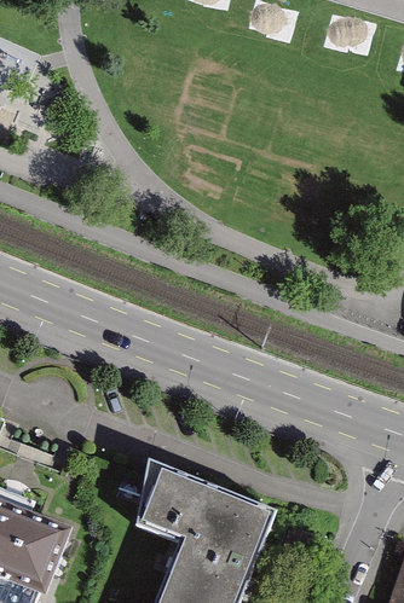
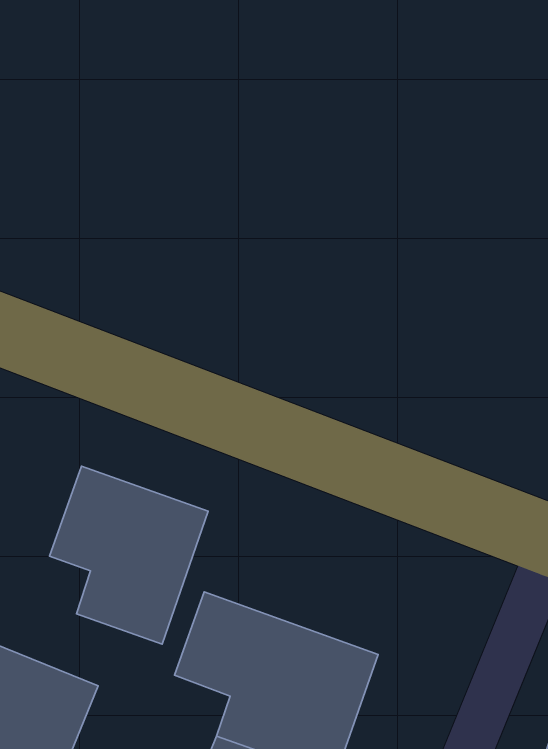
building: none -> [50,466,208,644]

